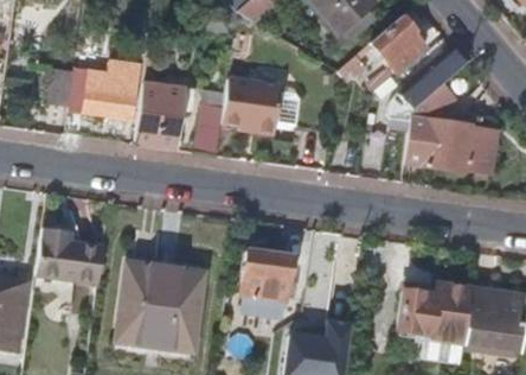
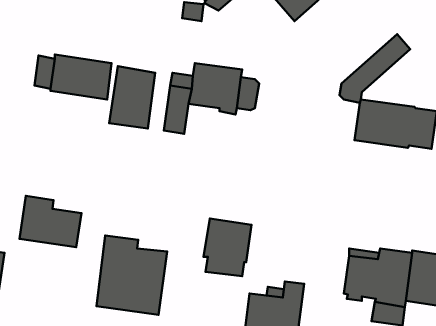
building: [371,15,425,71] -> none

